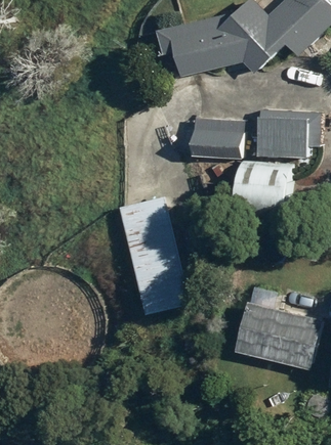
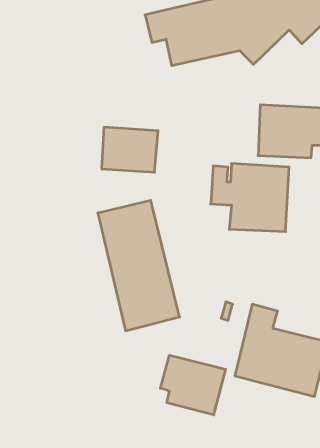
building: [191,119,241,159] -> [102,127,158,172]
building: none -> [160,355,226,415]

